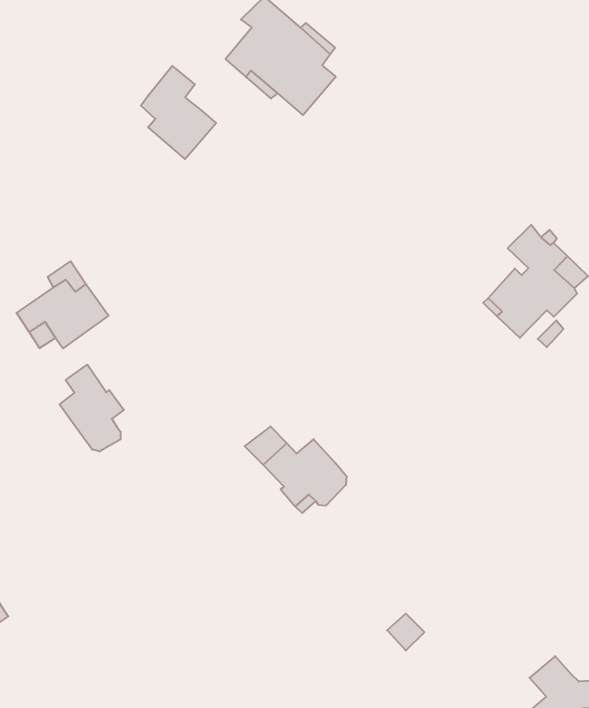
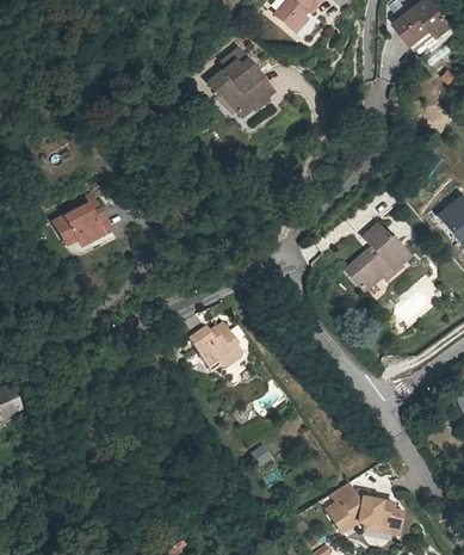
building: [141,66,216,159] -> none
building: [60,365,124,452] -> none

